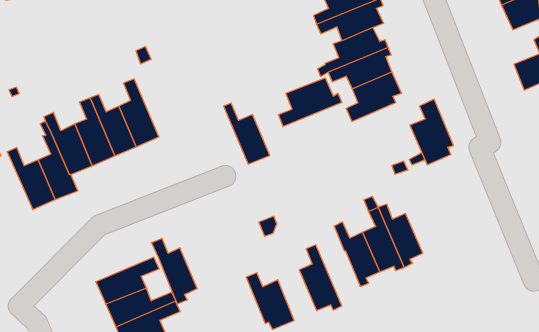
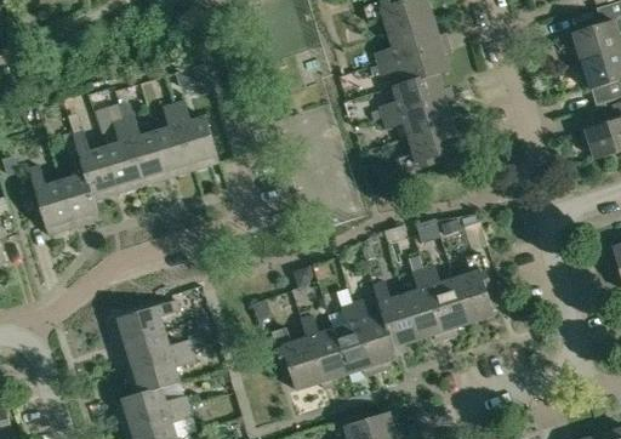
building: [278,78,342,127] -> none
building: [410,99,453,165] -> [452,252,497,323]
building: [224,103,270,164] -> [172,101,217,169]
building: [151,238,197,304] -> [301,315,346,388]
building: none -> [352,300,398,371]

